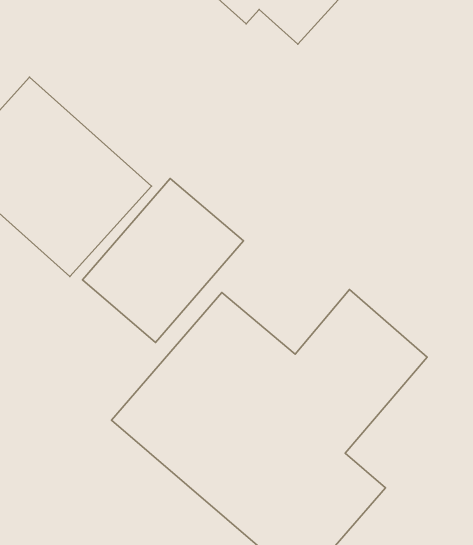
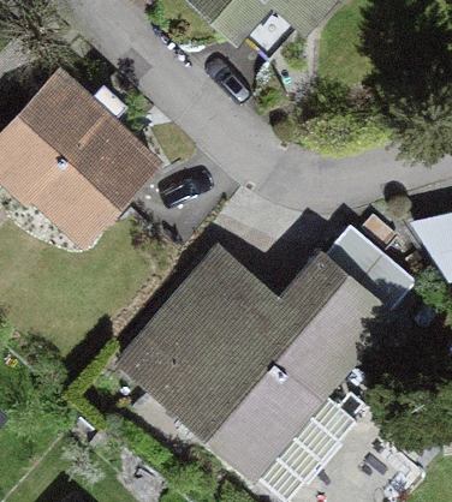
building: [83,178,243,342] -> none

